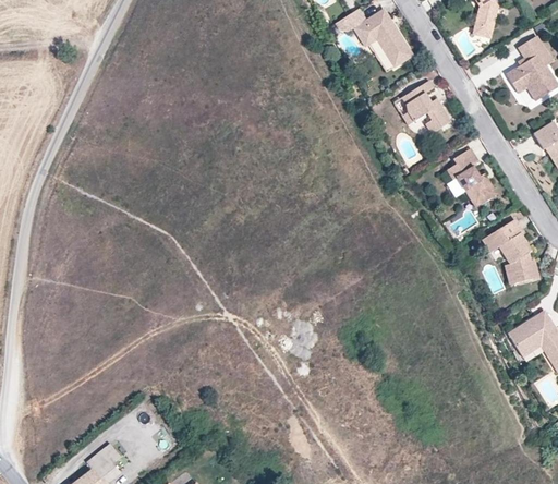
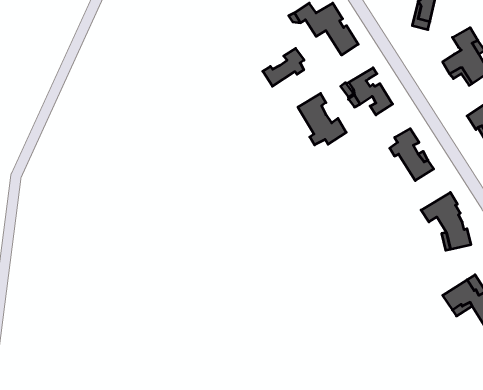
building: none -> [263,48,304,86]
building: none -> [298,93,346,145]

